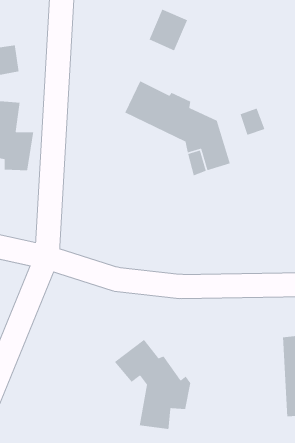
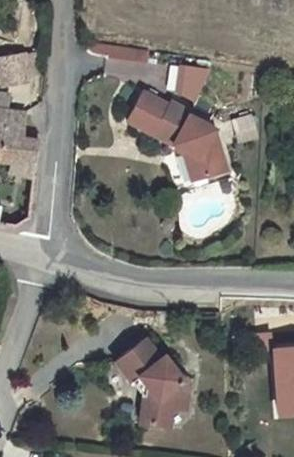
building: [148,8,188,51] -> [175,61,213,102]

